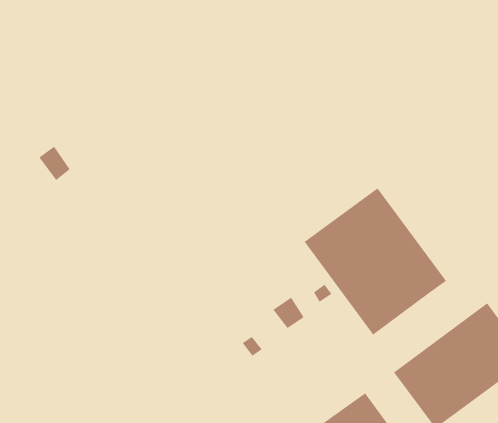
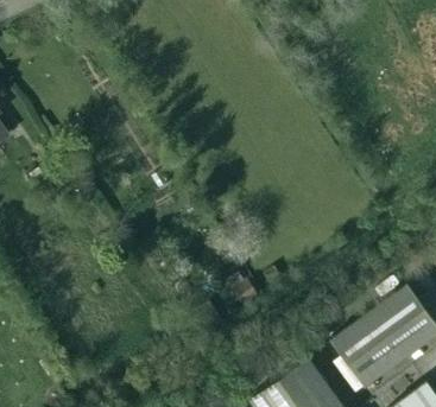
building: [304,187,447,335] -> none

